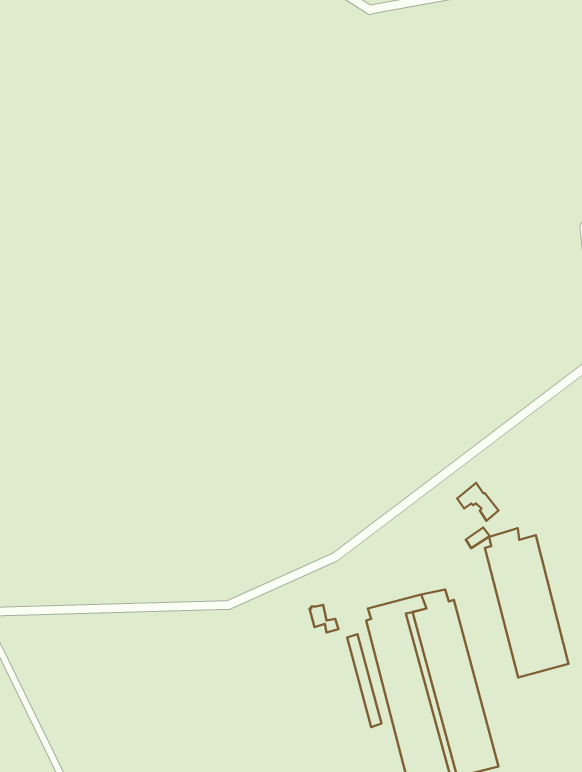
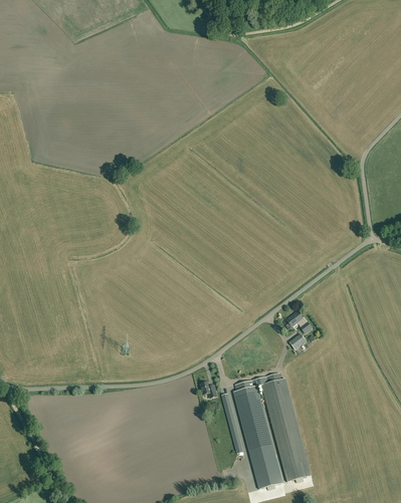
building: [485,528,569,677] -> none

